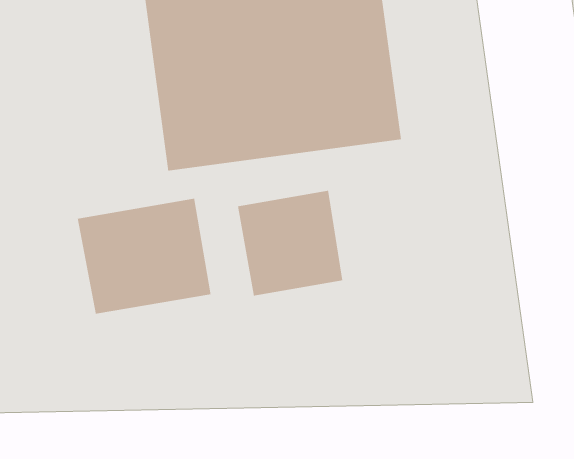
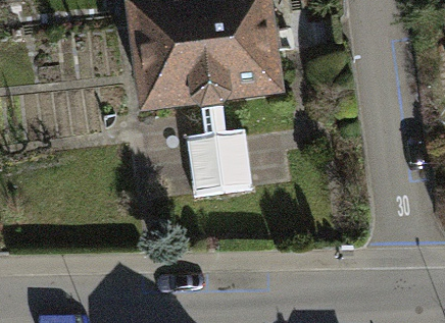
building: [77,198,211,315] -> none

